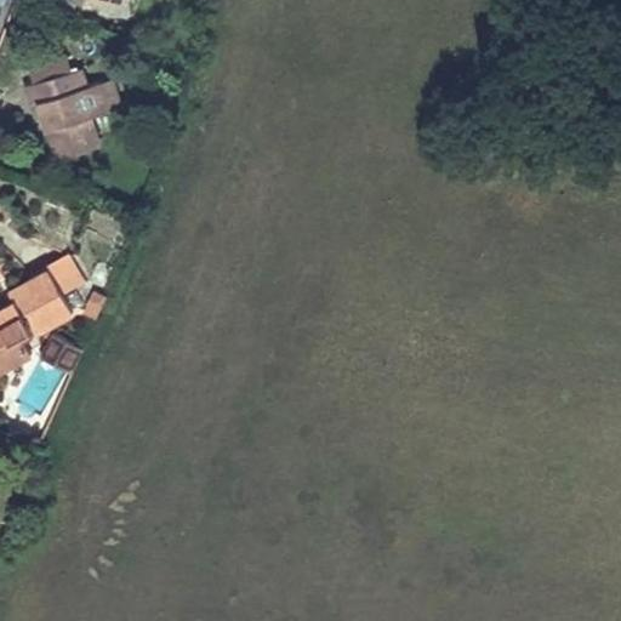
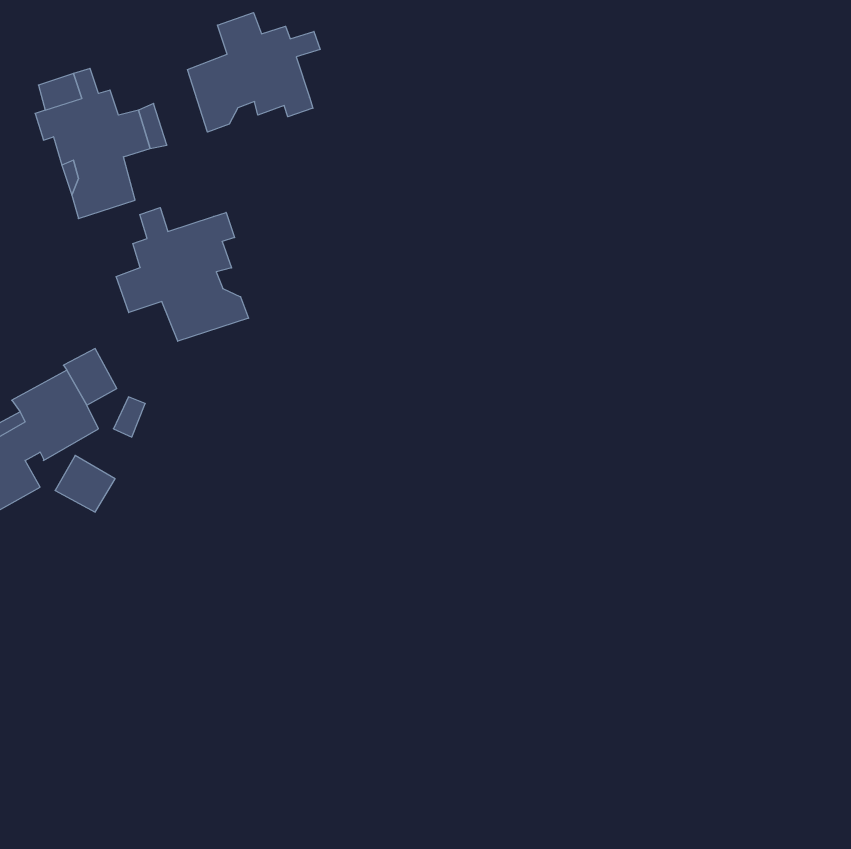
building: none -> [187,13,320,132]
building: none -> [116,208,249,341]

